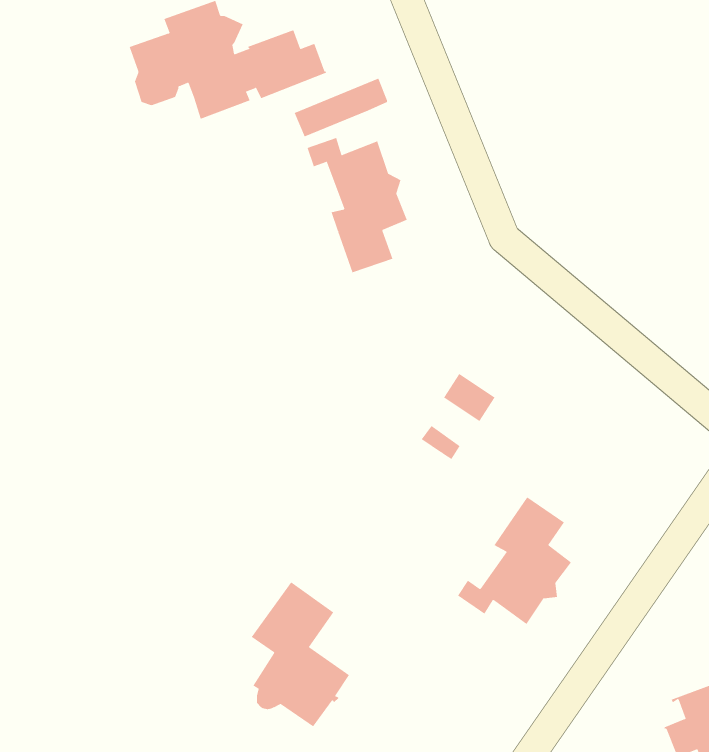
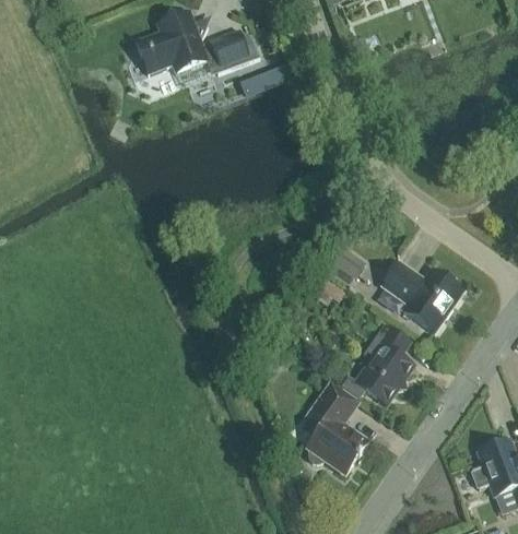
building: [307,137,407,273] -> none
building: none -> [381,262,462,332]
building: [251,581,350,727] -> [305,382,367,474]

